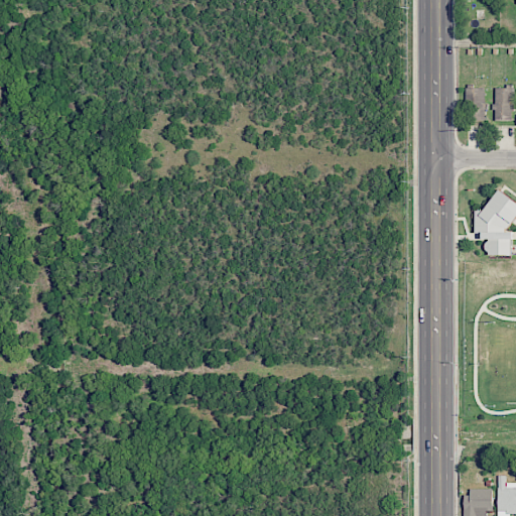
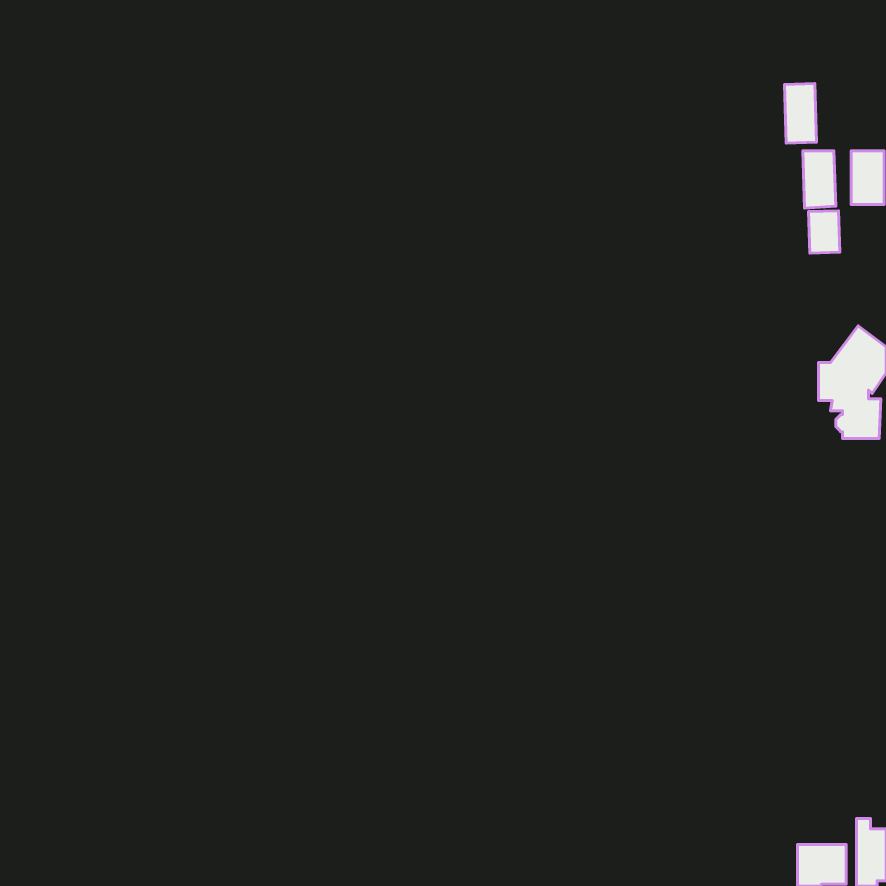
building: none -> [784,83,816,143]
building: none -> [809,211,840,253]

